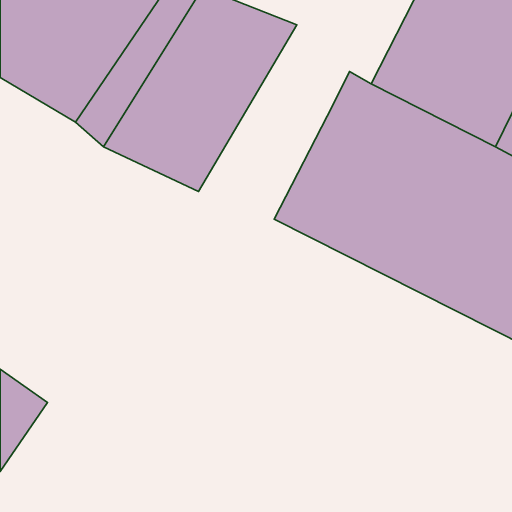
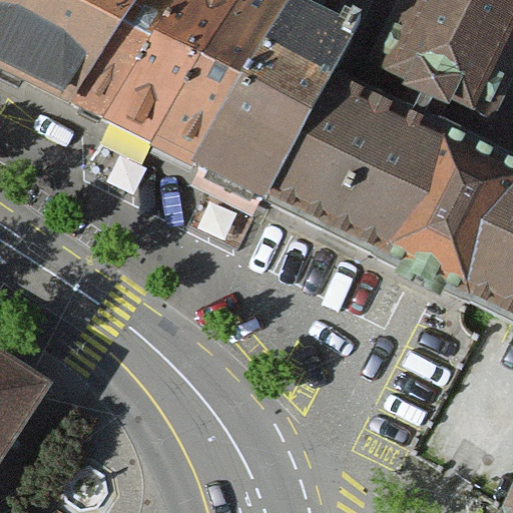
building: none -> [208,24,363,219]

